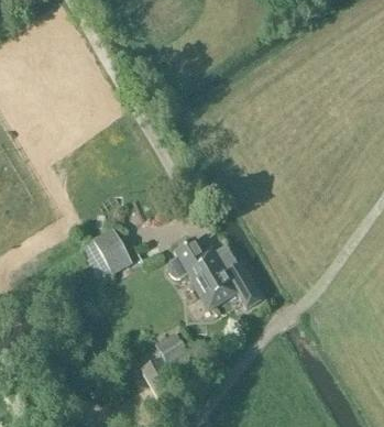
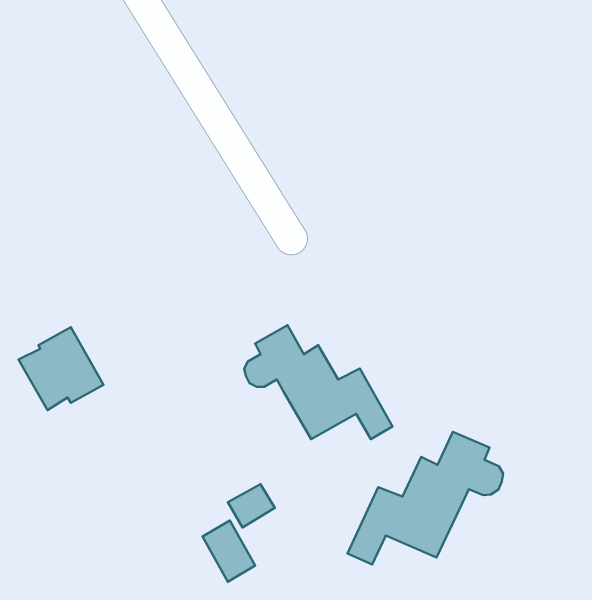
building: [80,228,132,278] -> [19,327,103,410]
building: none -> [348,432,503,565]

